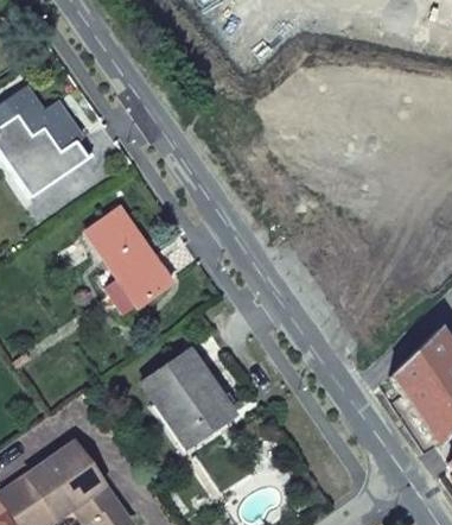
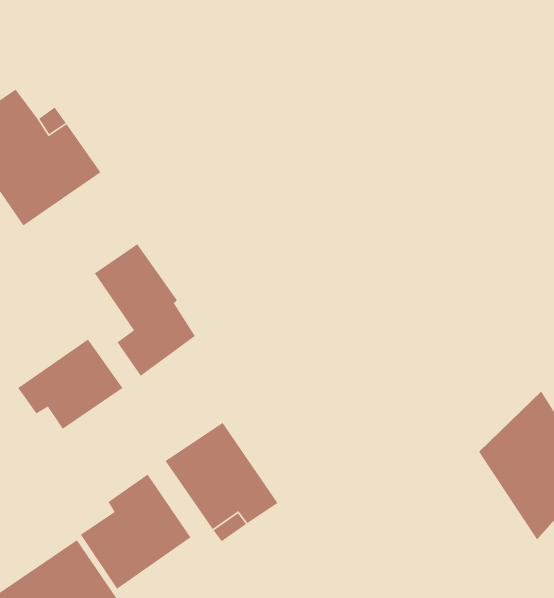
building: none -> [17,338,124,430]
building: none -> [80,474,192,590]

